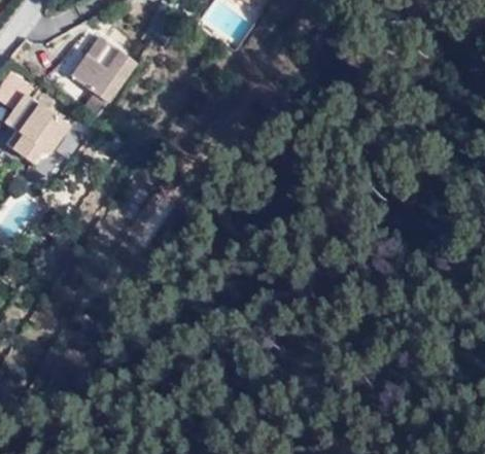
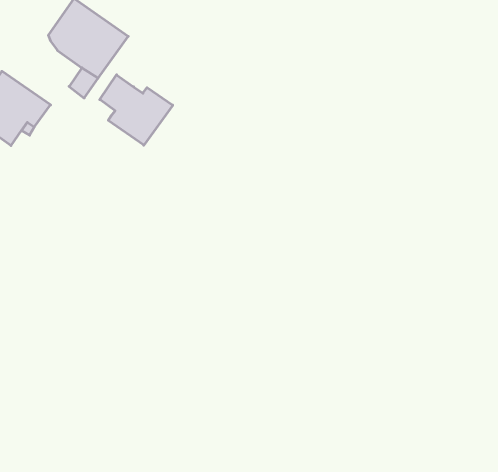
building: none -> [100,75,173,145]

